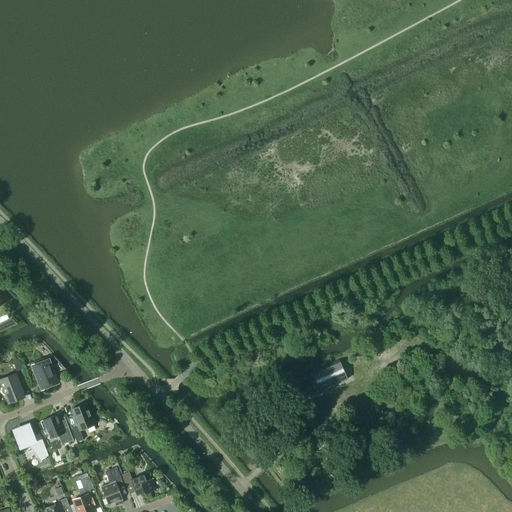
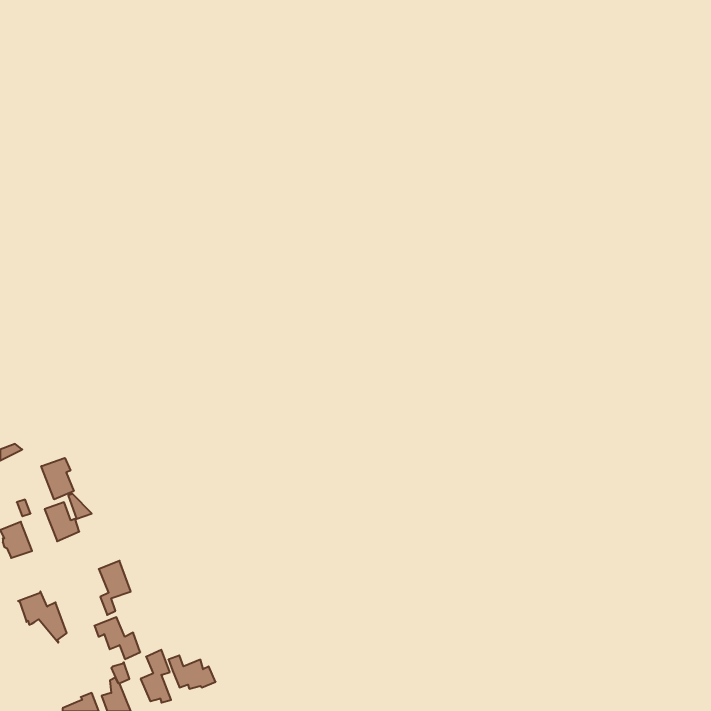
building: none -> [41,458,74,499]
building: [311,360,347,391] -> none
building: [40,415,73,445] -> [94,617,140,659]

